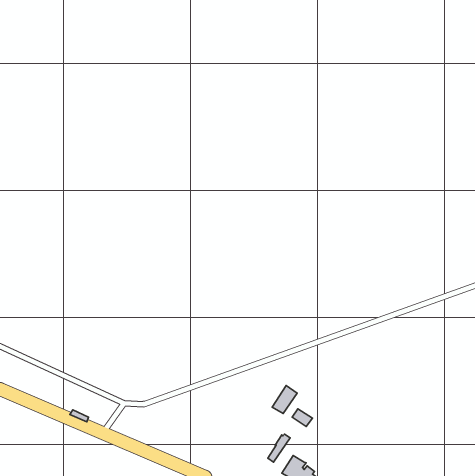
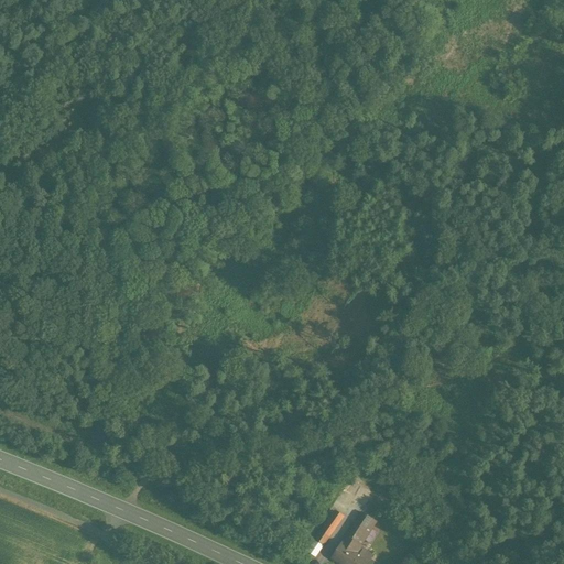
building: [272,386,297,414] -> [348,513,378,546]

